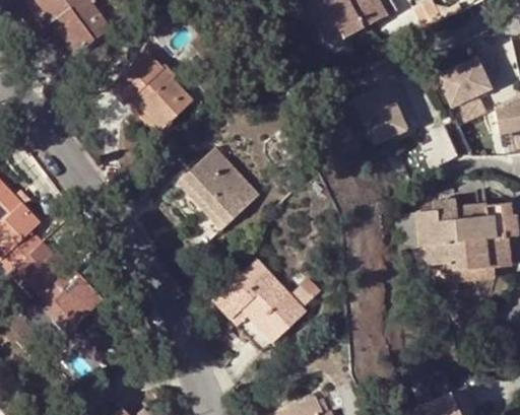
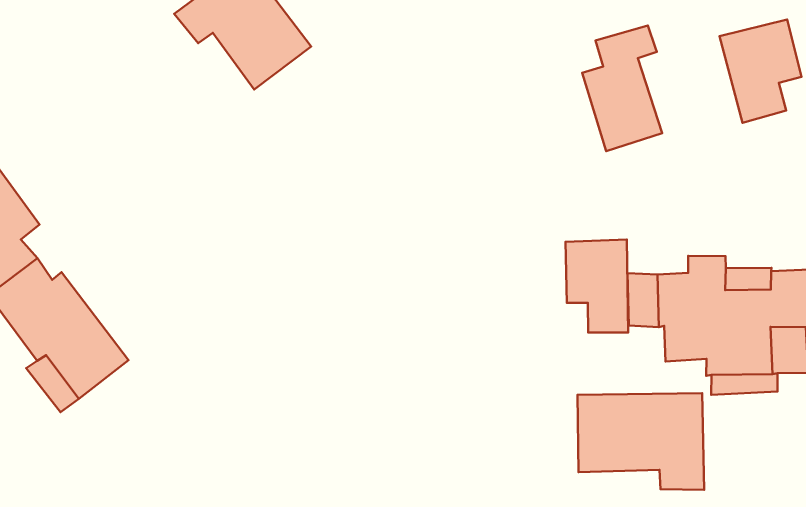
building: [178,148,259,228] -> none
building: none -> [565,240,628,333]
building: [214,260,320,352] -> none
building: none -> [577,393,704,490]

